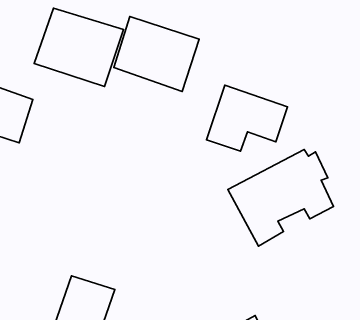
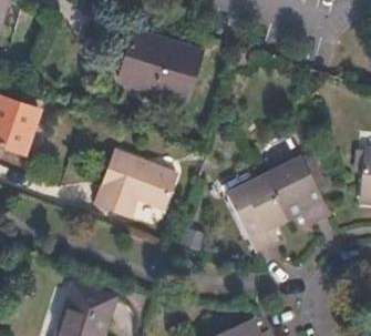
building: [34,8,123,87] -> none
building: [206,85,287,151] -> [96,151,175,215]

